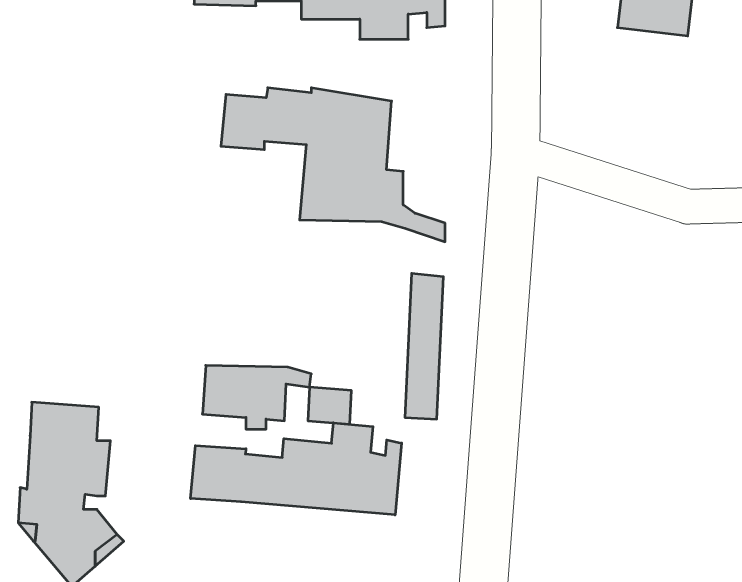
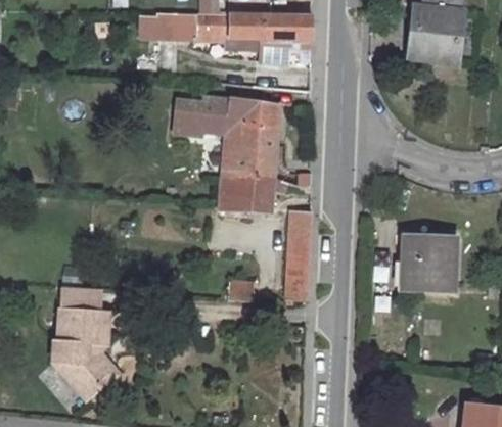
building: none -> [406,236,457,290]
building: [202,365,311,429] -> [219,176,285,215]
building: [191,423,402,515] -> none

